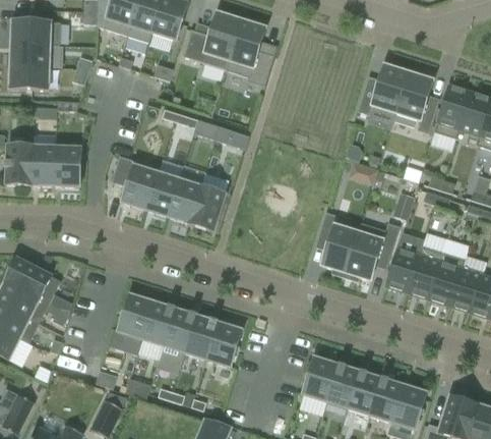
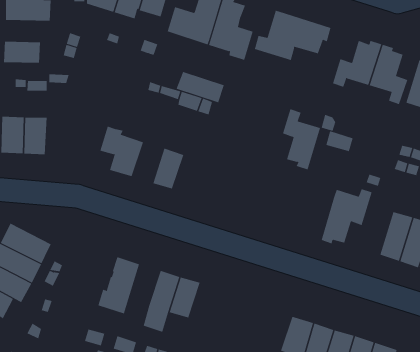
building: none -> [254,10,331,61]
building: [10,43,59,66] -> none
building: none -> [176,71,224,103]
building: [54,146,80,186] -> none
building: [145,172,179,216] -> none
building: [188,185,225,230] -> none
building: [317,211,358,276] -> [282,109,321,170]
building: [385,232,423,291] -> none
building: [142,301,175,345] -> none
building: [205,321,242,366] -> none

